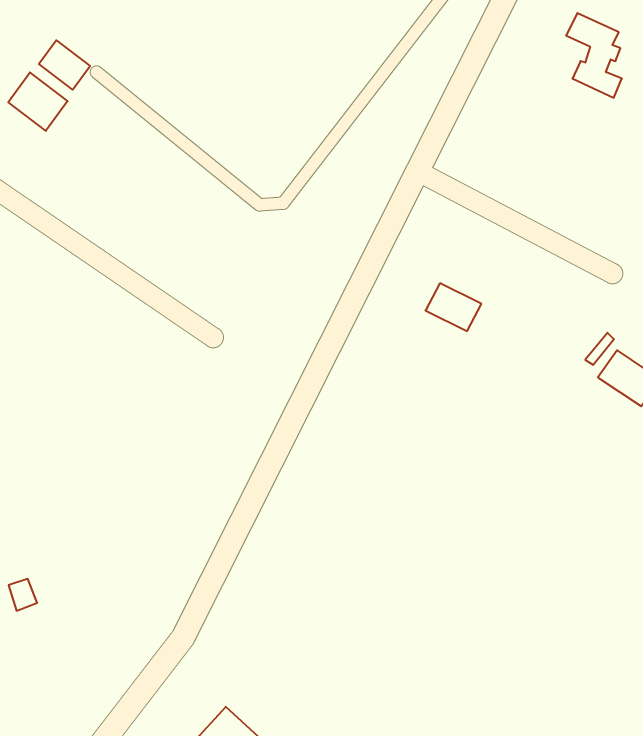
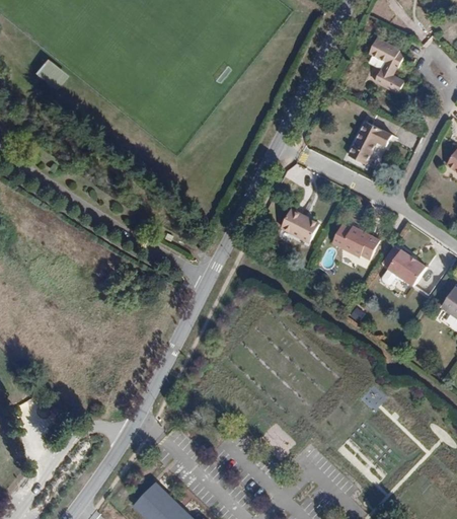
building: [8,72,68,131] -> none
building: none -> [350,127,387,164]
building: none -> [335,229,382,258]

